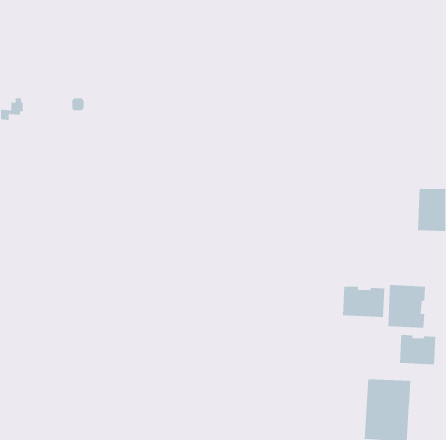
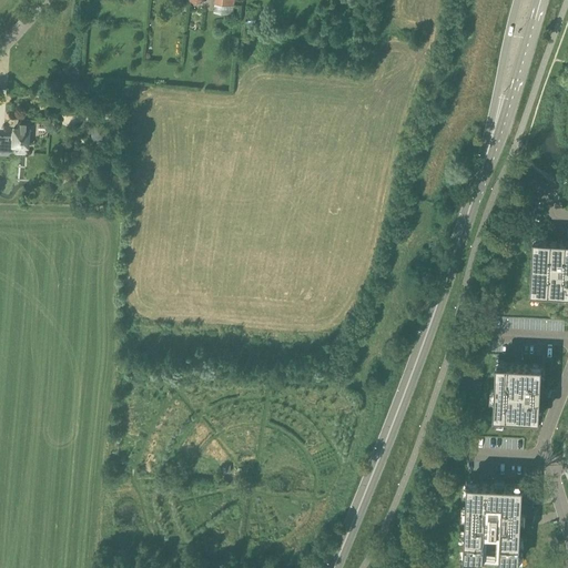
building: [343,286,385,318] -> none
building: [399,334,436,365] -> none

